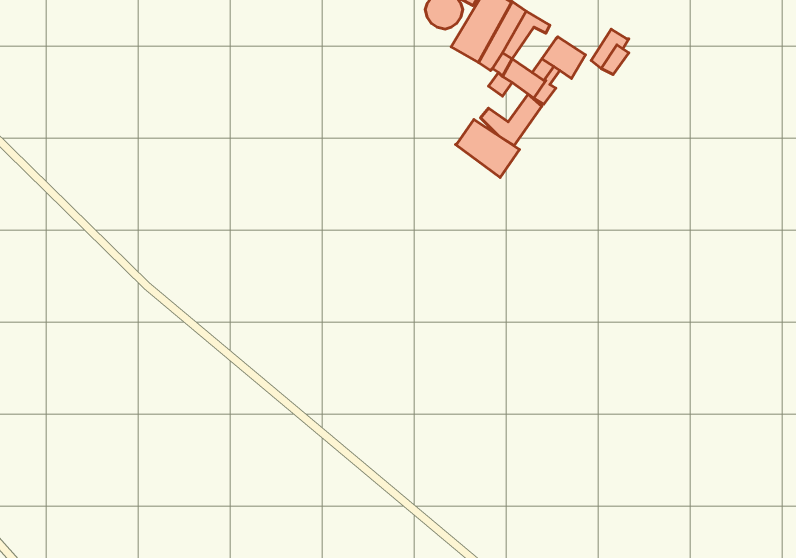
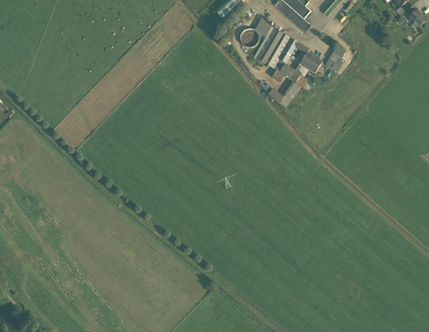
building: [456,120,520,177] -> none

